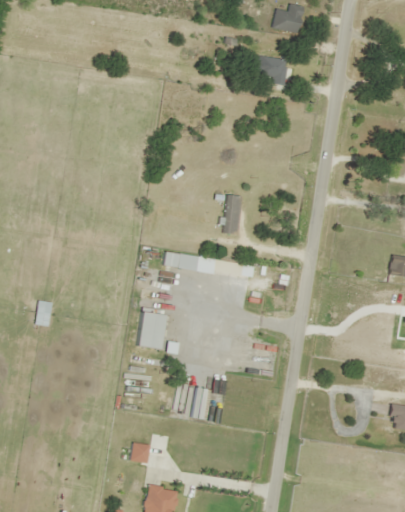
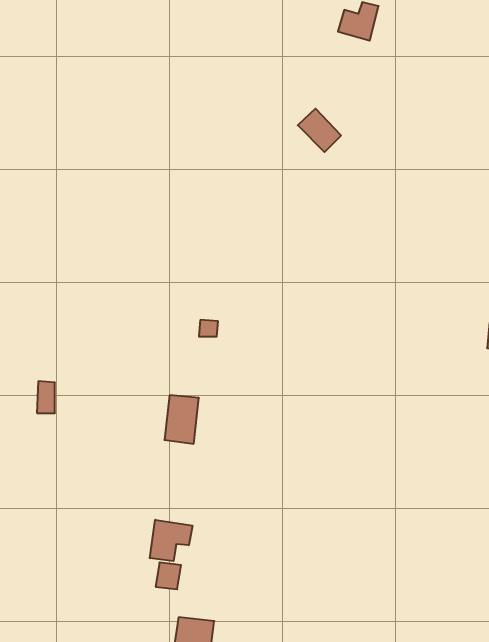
building: [257,52,291,86] -> [298,109,341,152]
building: [224,195,241,235] -> none
building: none -> [150,520,192,561]

